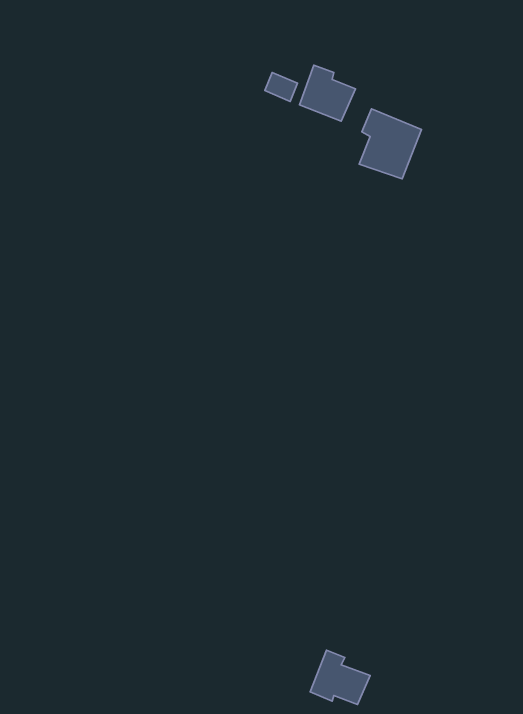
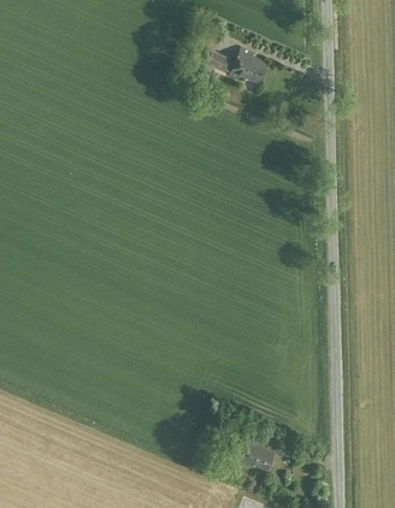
building: [359,109,421,179] -> none

